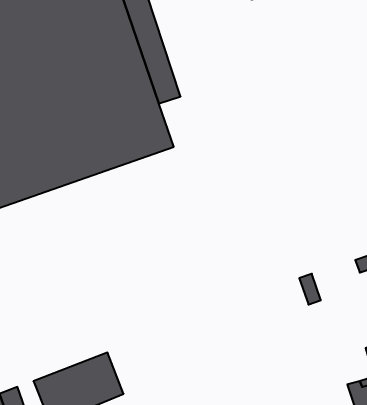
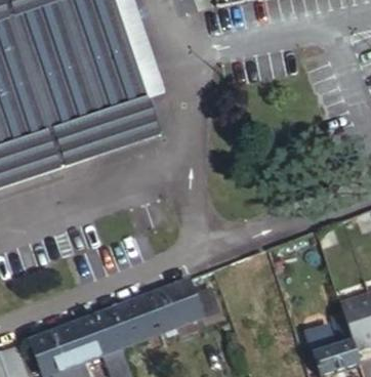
building: none -> [98,282,203,353]

